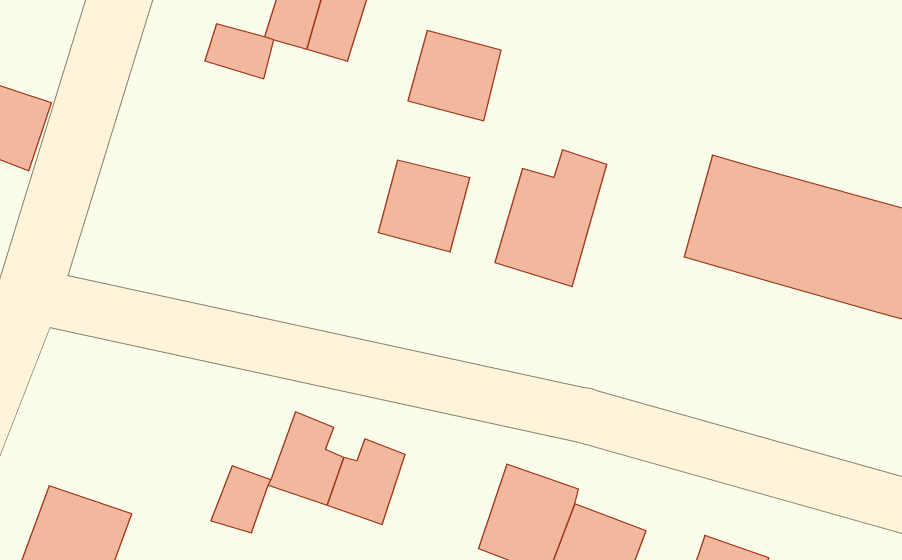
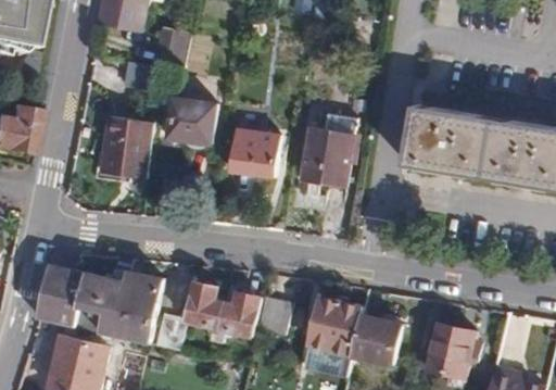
building: [408,31,501,121] -> [166,97,216,144]
building: none -> [97,117,151,185]
building: none -> [37,264,162,344]
building: none -> [255,297,289,336]

